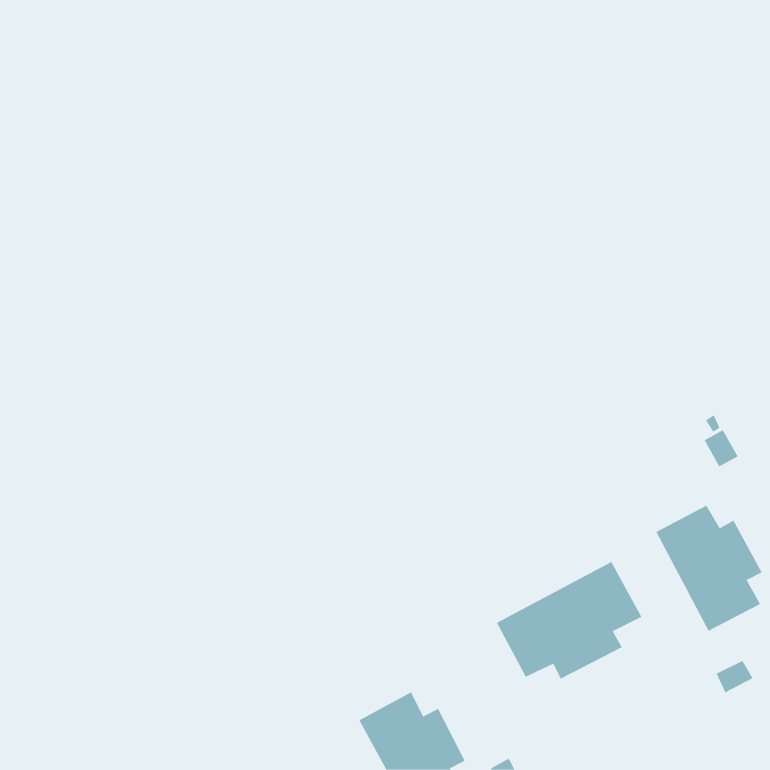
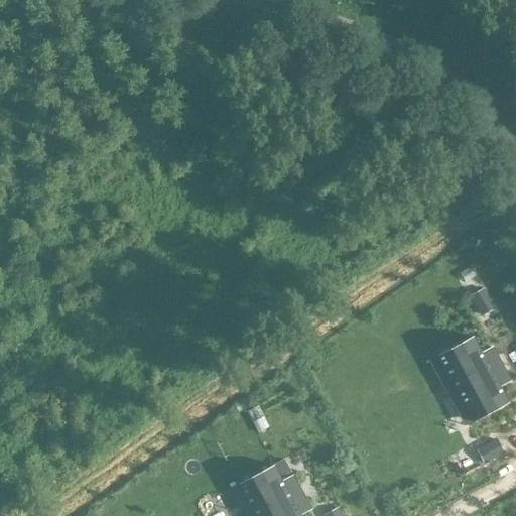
building: [496,561,642,679] -> none

